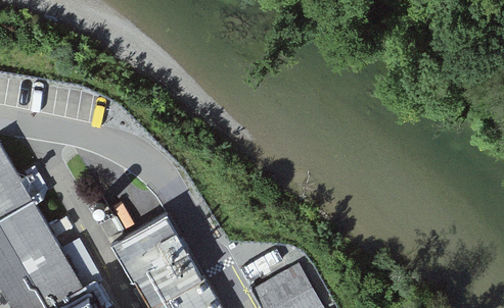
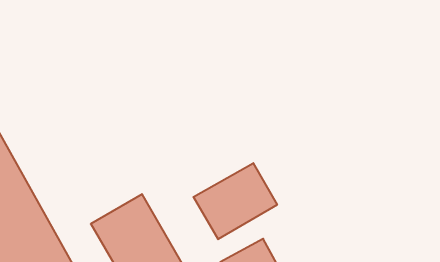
building: none -> [193,163,277,239]

